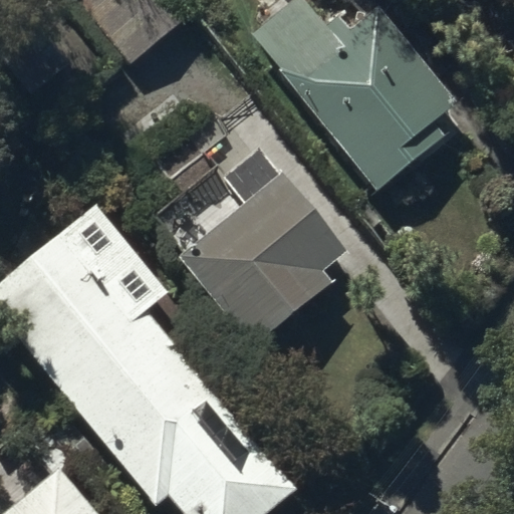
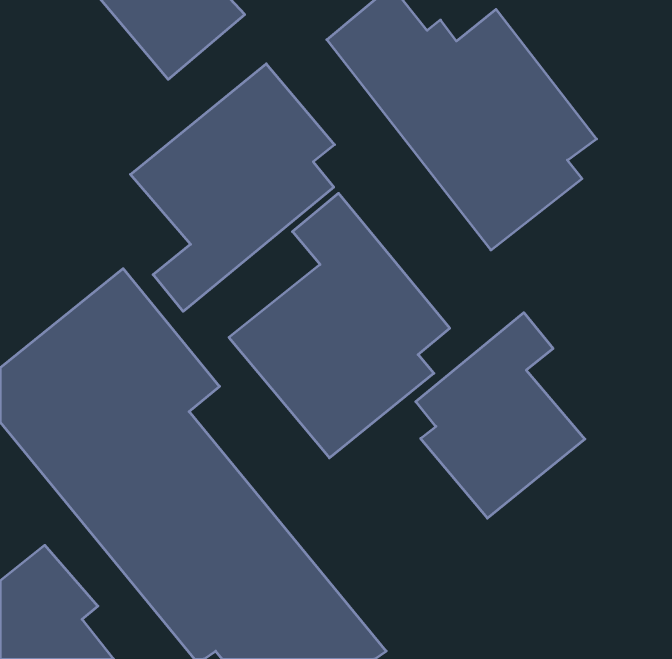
building: none -> [130,64,335,311]
building: none -> [416,313,585,518]

